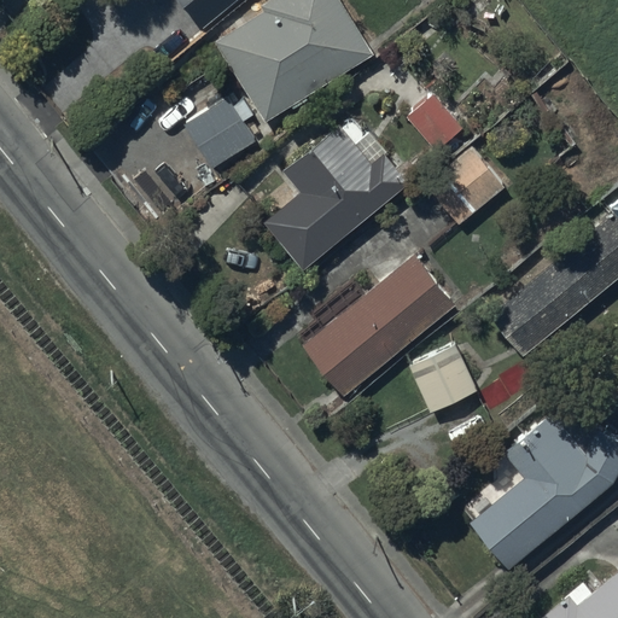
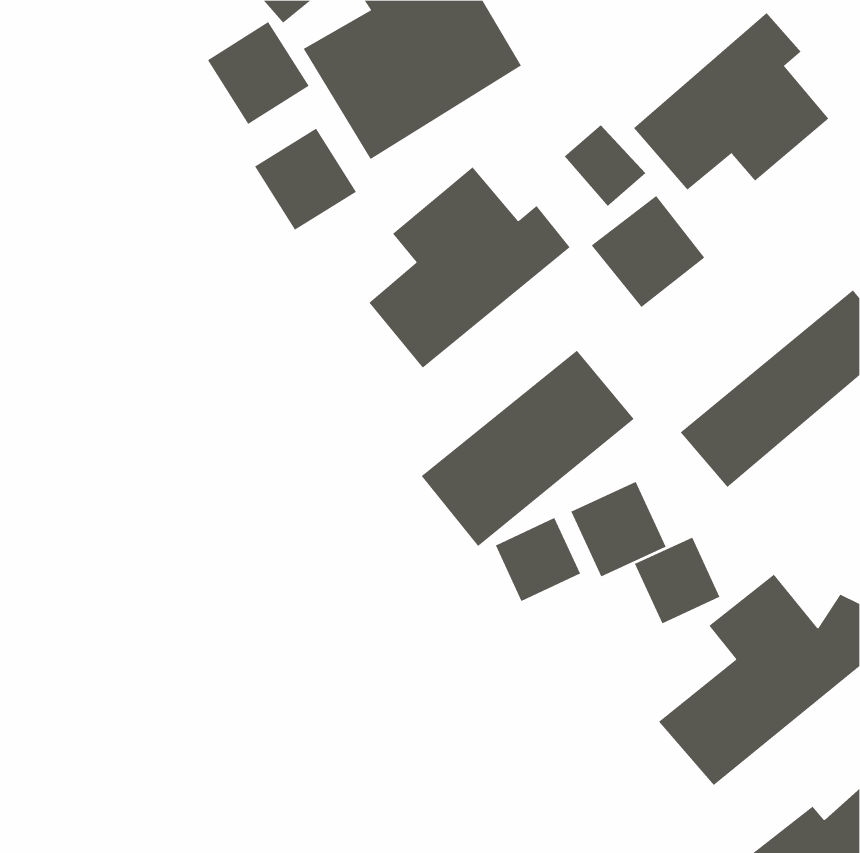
building: none -> [633,12,829,191]
building: none -> [207,21,309,125]
building: none -> [495,517,581,602]
building: none -> [634,537,720,624]

